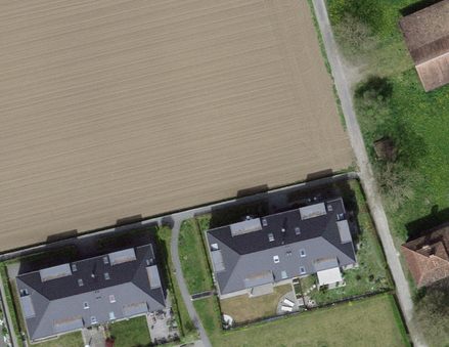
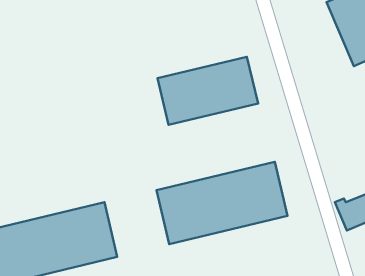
building: none -> [157,57,258,125]

